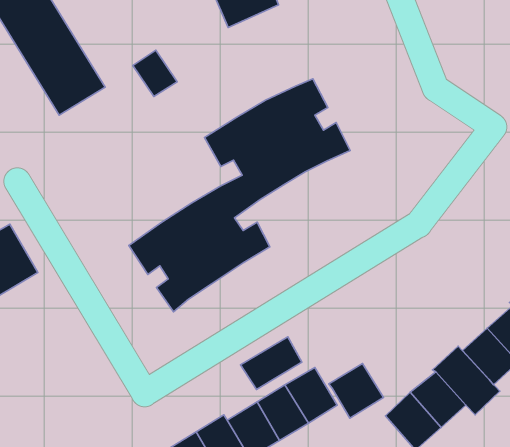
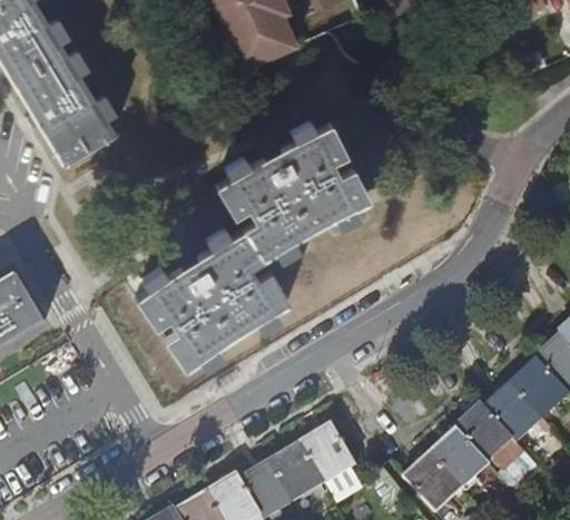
building: [133,50,177,96] -> none
building: [240,337,302,389] -> none
building: [329,363,383,418] -> none

